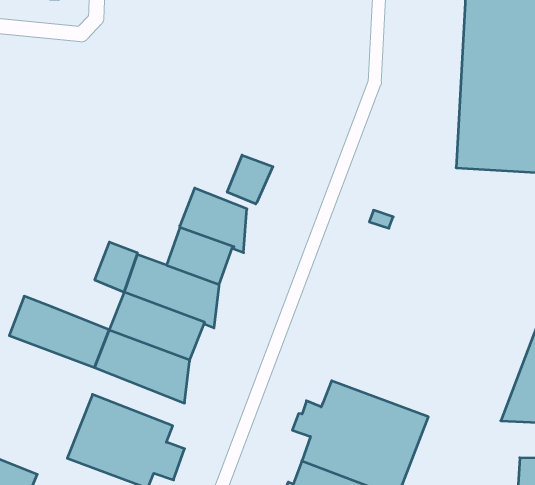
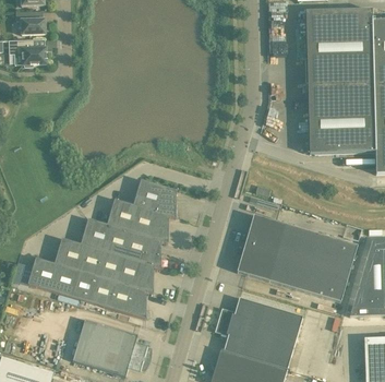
building: [227,155,273,204] -> none
building: none -> [107,199,133,230]
building: none -> [237,214,357,301]
building: none -> [55,238,100,275]

